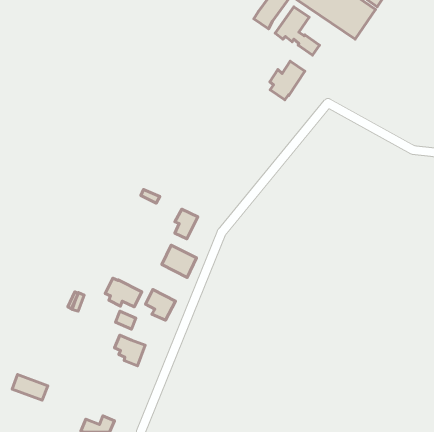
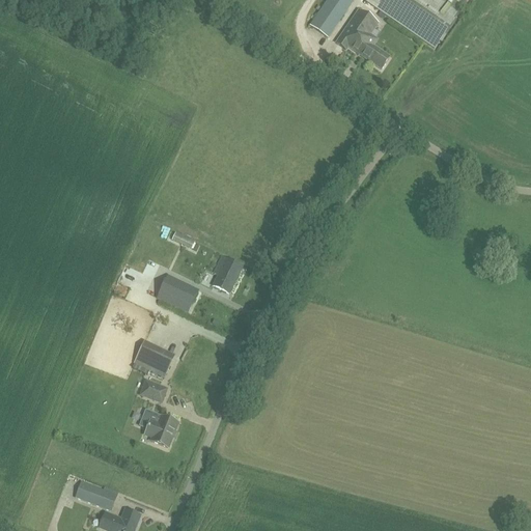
building: [270,61,305,100] -> none
building: [162,245,197,277] -> [157,273,199,312]
building: [146,290,175,320] -> none
building: [12,375,48,400] -> [75,479,118,510]

